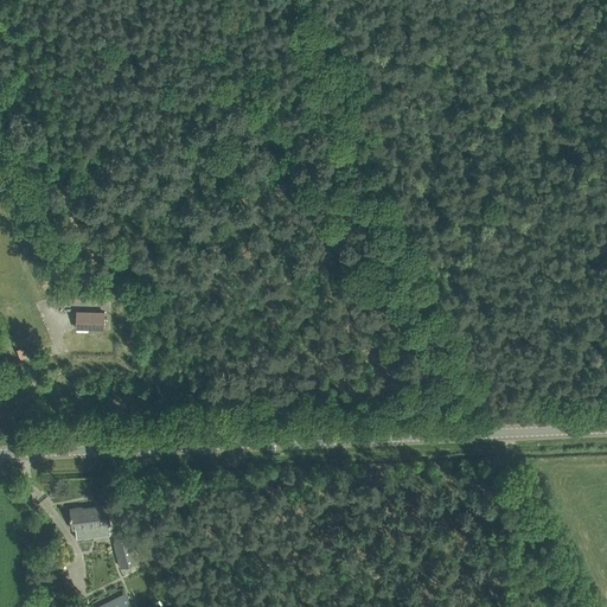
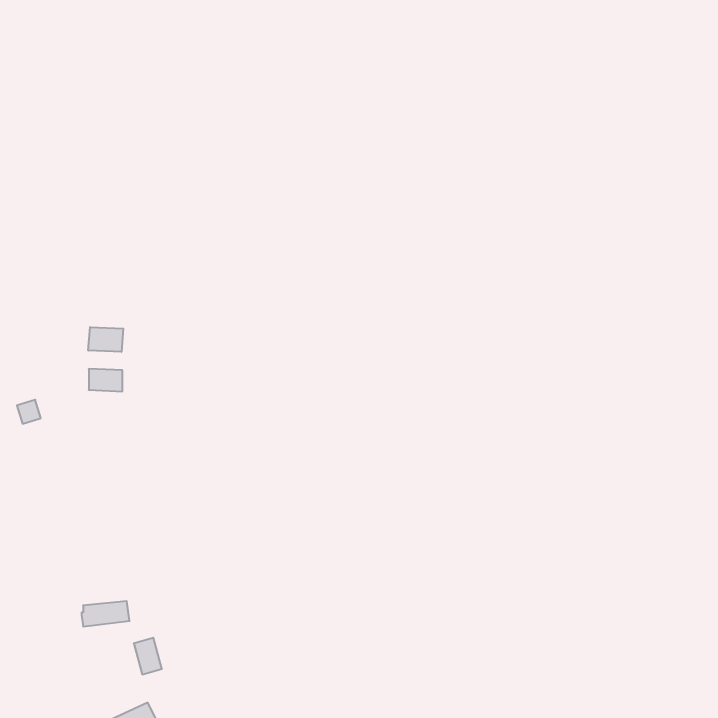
building: none -> [88,327,123,352]

